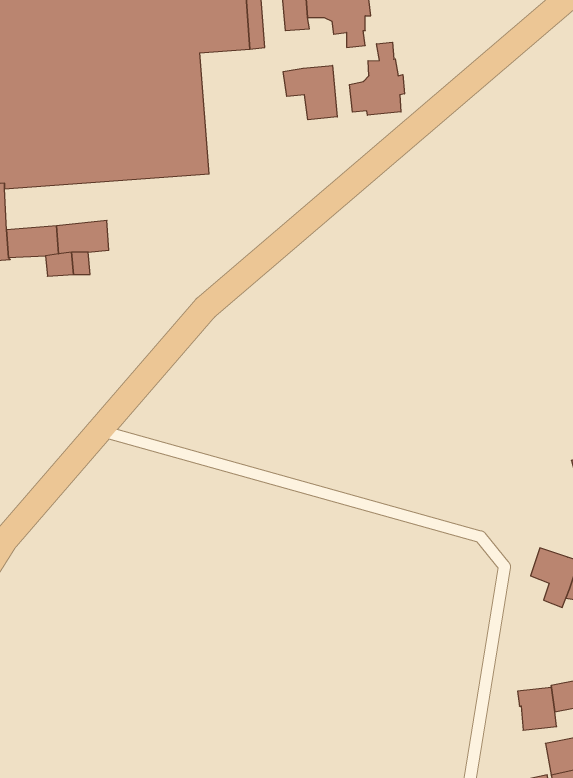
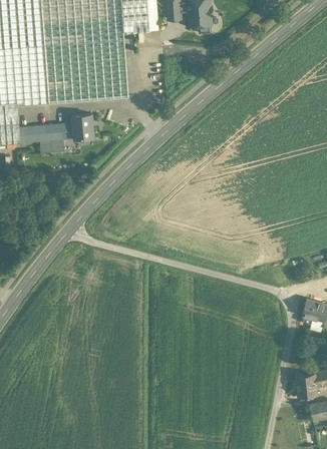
building: [349,42,404,115] -> none
building: [283,65,337,120] -> none
building: none -> [72,114,93,138]

